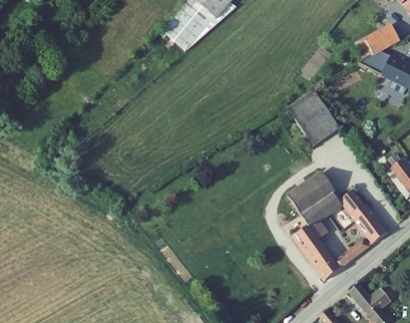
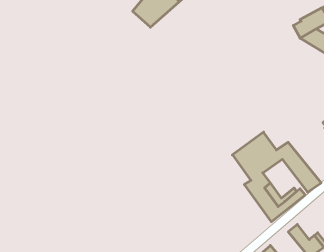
building: [284,91,336,146] -> none

